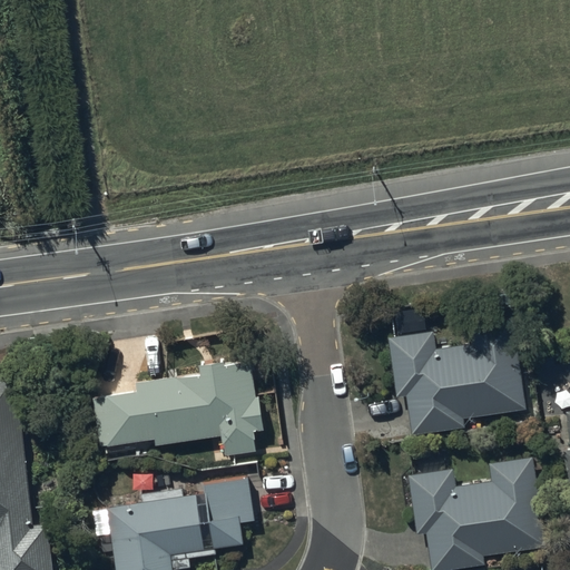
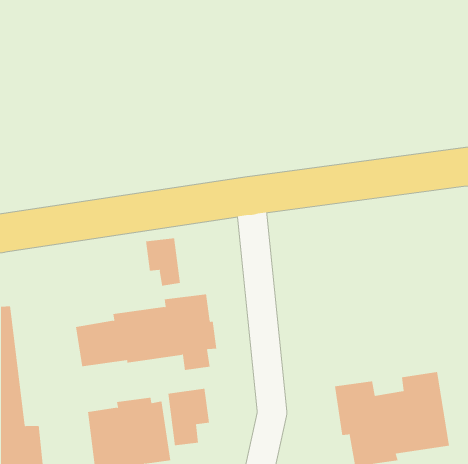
building: none -> [145,238,181,286]
building: [387,323,524,434] -> none

